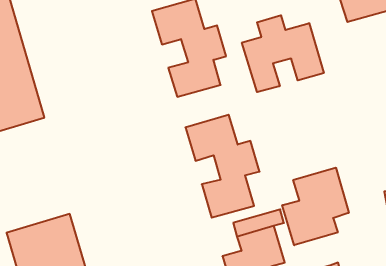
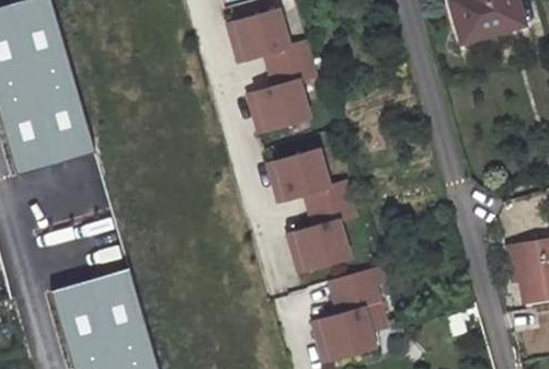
building: [242,15,324,92] -> none
building: [282,168,349,245] -> none

